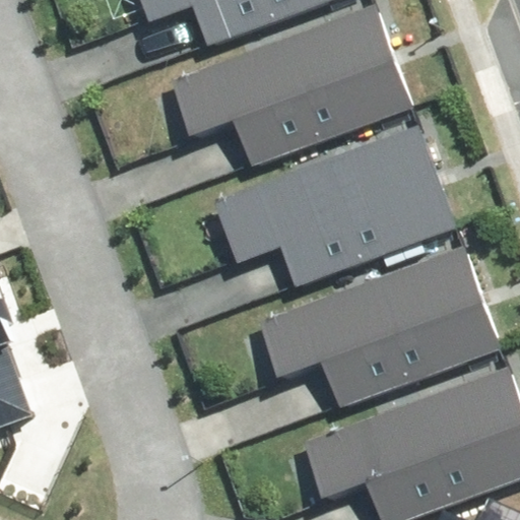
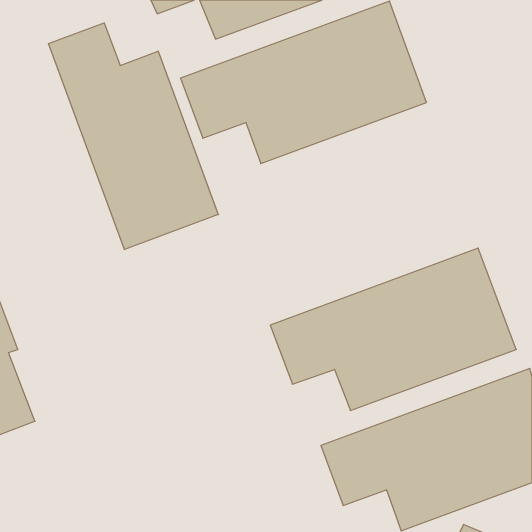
building: none -> [48,23,218,250]
building: [219,133,456,289] -> none

